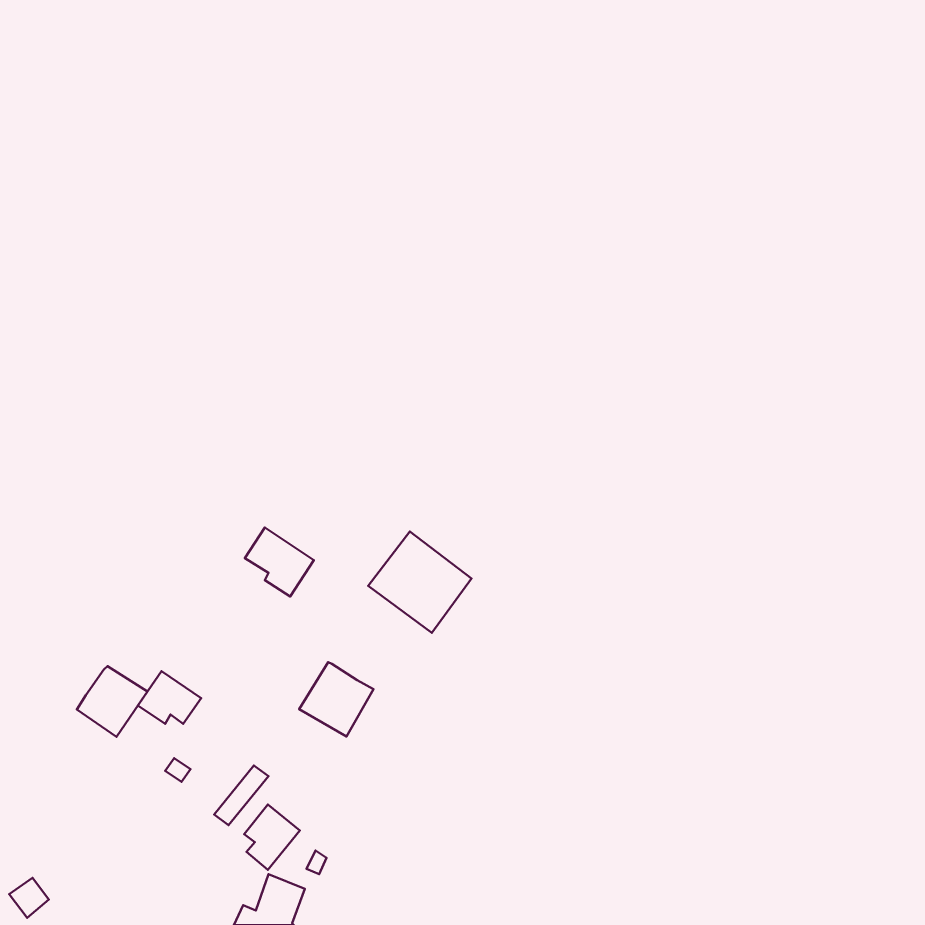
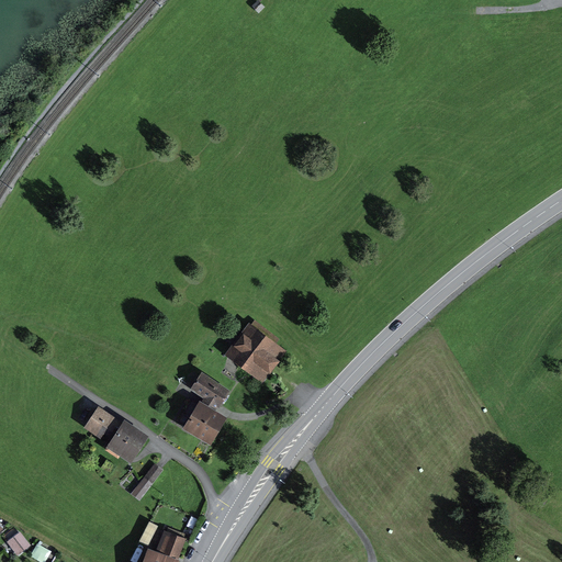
building: [245,527,314,596] -> [189,370,231,412]
building: [77,666,147,737] -> [105,420,148,463]
building: [244,804,300,870] -> none

